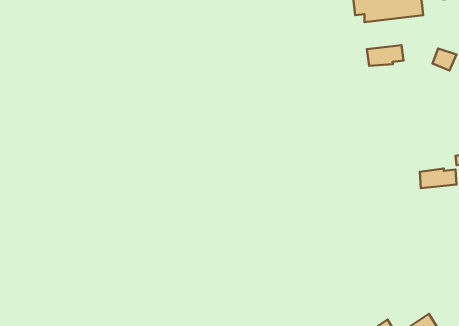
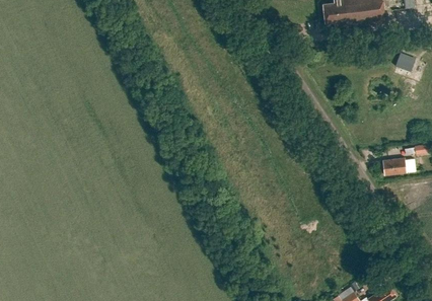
building: [367,45,404,66] -> none

